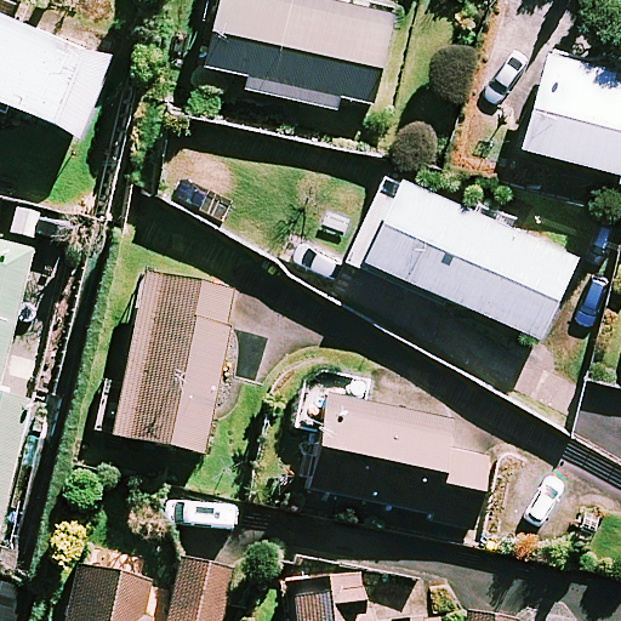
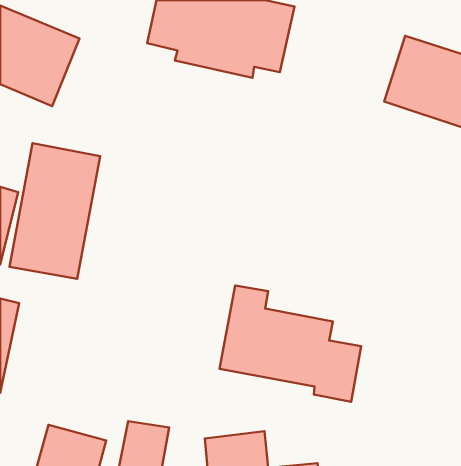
building: [361,173,577,334] -> none
building: [114,275,234,455] -> [10,143,100,279]

